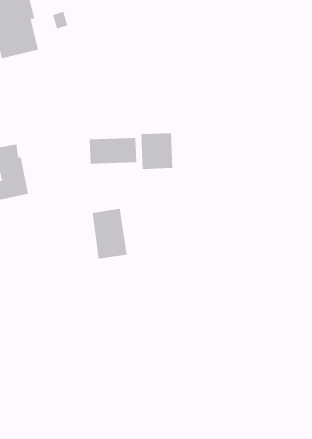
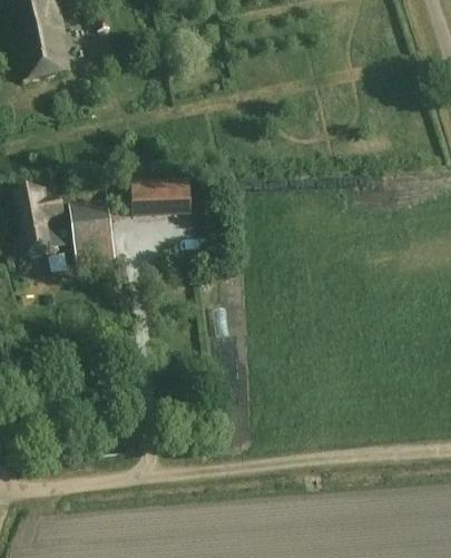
building: [141,132,173,170] -> none
building: [92,208,128,259] -> [69,200,114,264]

